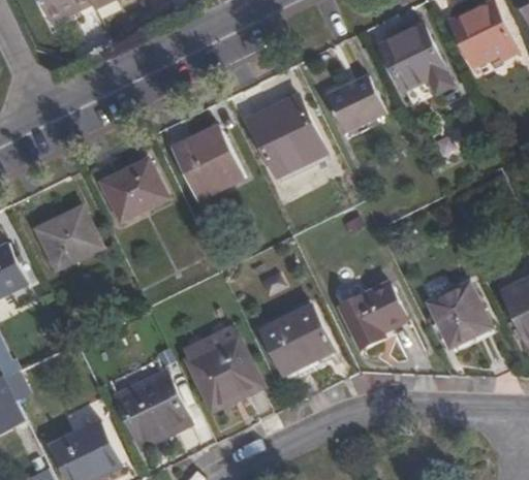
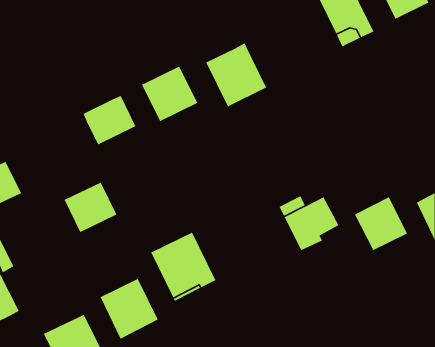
building: [323,74,383,132] -> none
building: [35,203,100,265] -> [64,181,118,233]
building: [262,306,333,373] -> none

